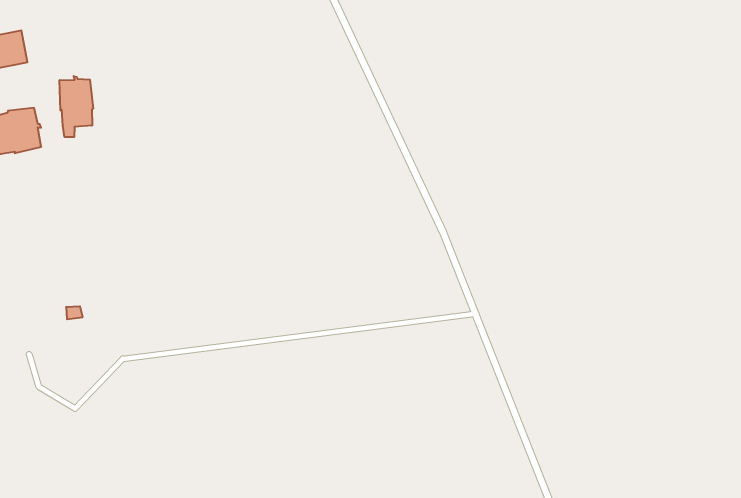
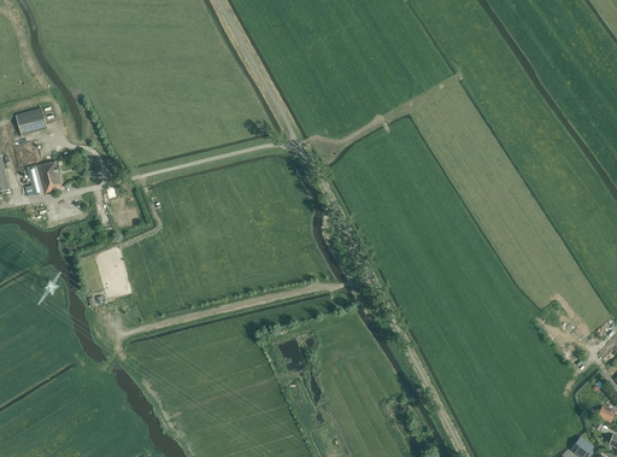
building: [60,76,93,137] -> none

